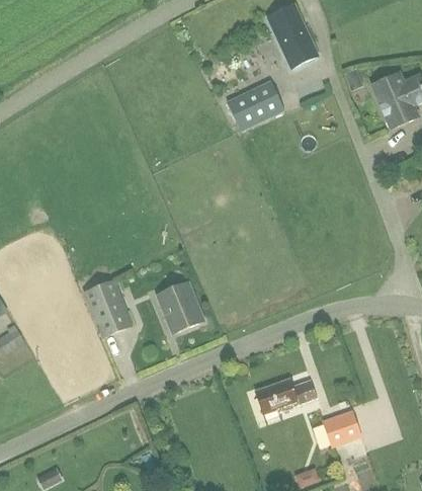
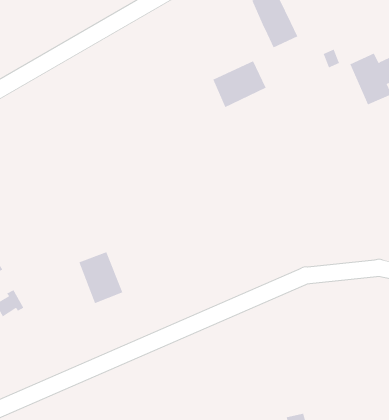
building: [151,278,199,332] -> none
building: [255,378,318,413] -> none
building: [323,409,363,447] -> none

